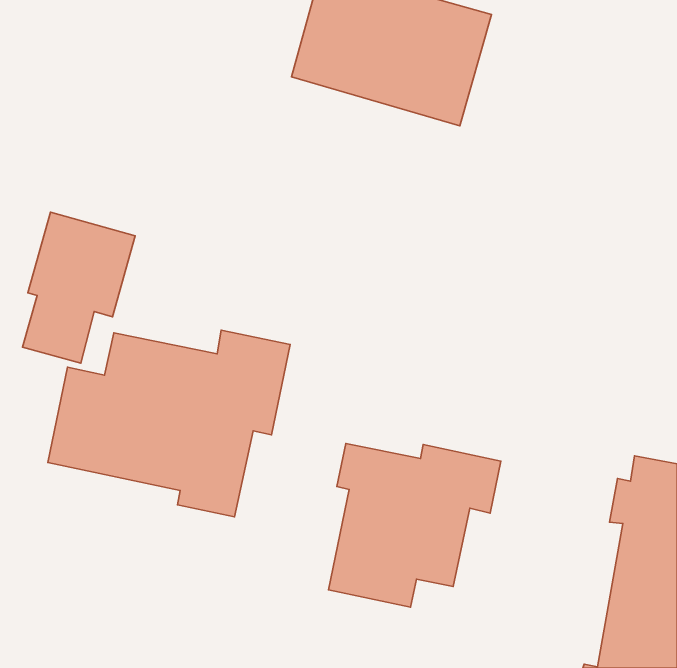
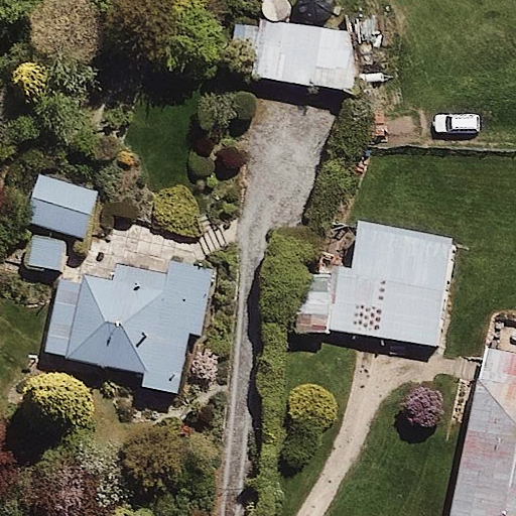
building: none -> [297,222,455,350]
building: [328,443,501,607] -> none

